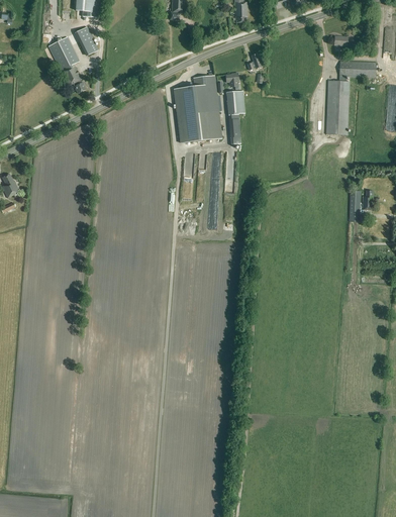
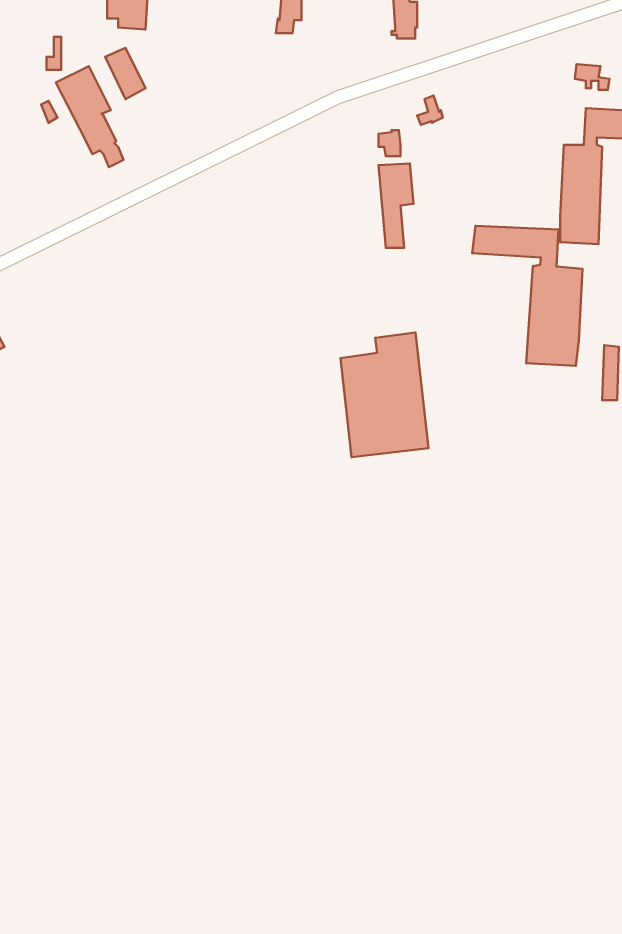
building: [173,74,221,142] -> [340,332,428,457]
building: none -> [472,226,582,366]

